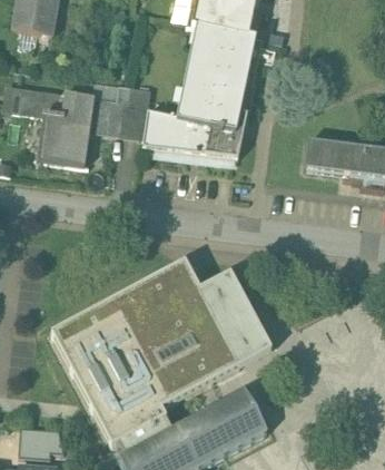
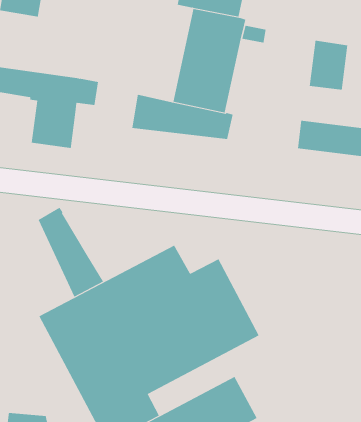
building: none -> [309,40,348,91]
building: [88,81,150,138] -> none
building: none -> [38,207,104,298]

